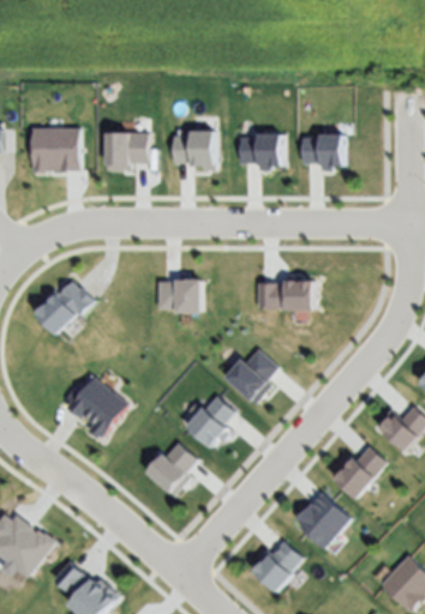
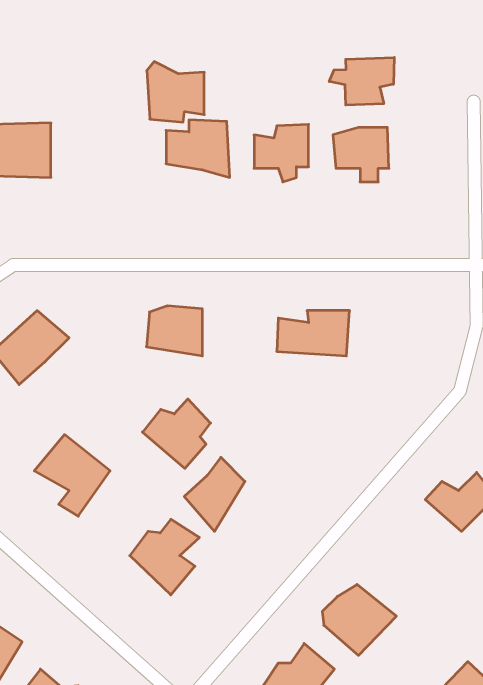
building: none -> [329,57,394,105]
building: [102,124,148,171] -> [147,62,204,122]
building: [221,349,275,404] -> [142,399,211,468]
building: [327,447,389,501] -> none

